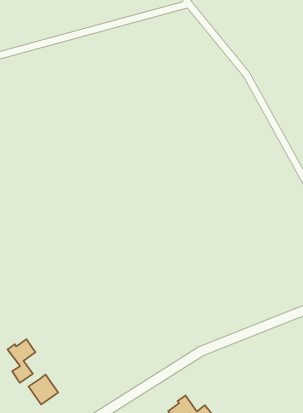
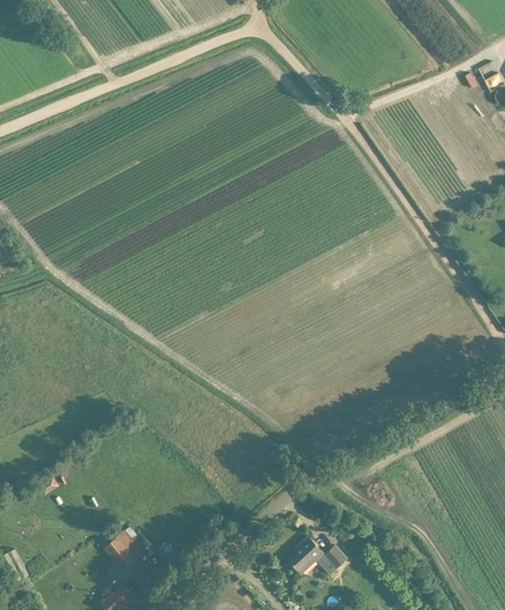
building: [8,339,36,383] -> none

